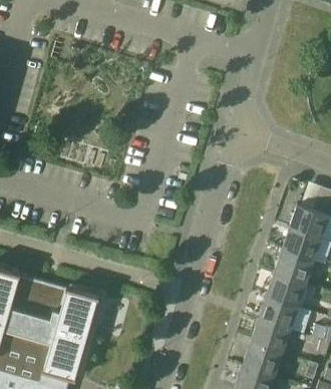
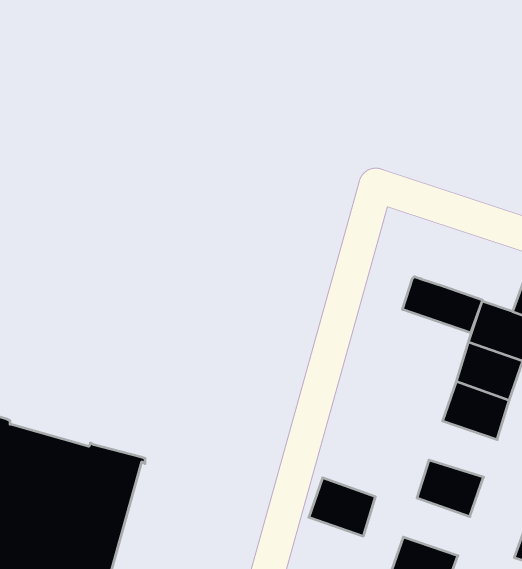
building: none -> [403,277,482,333]
building: [264,282,304,315] -> none
building: [249,327,288,361] -> [309,478,375,536]

